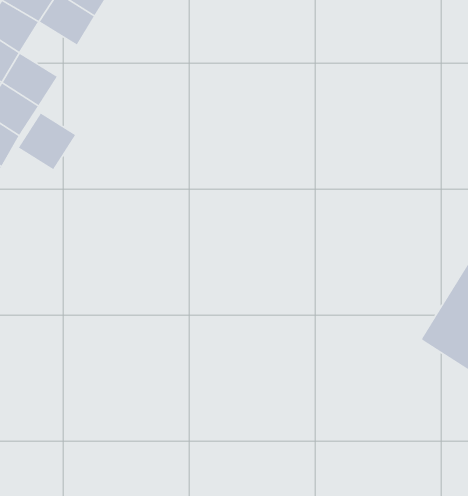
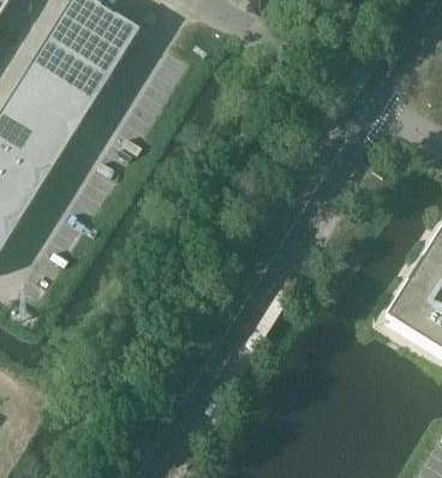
building: none -> [60,61,107,106]
building: [18,112,76,170] -> none

